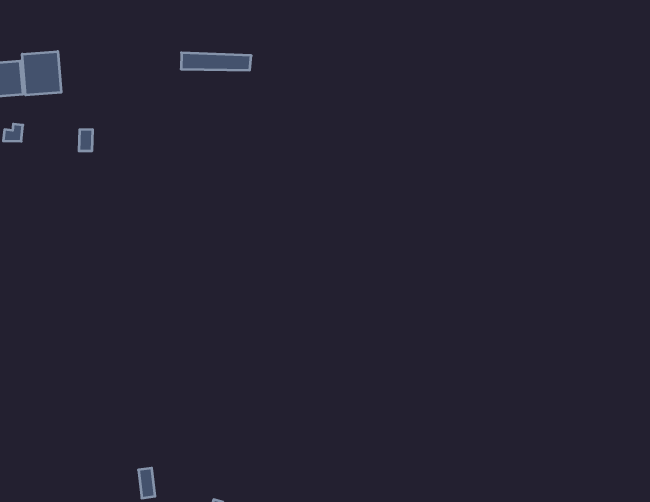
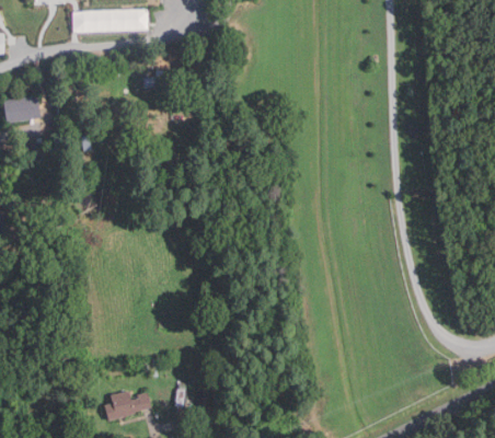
building: [22,51,61,95] -> none

